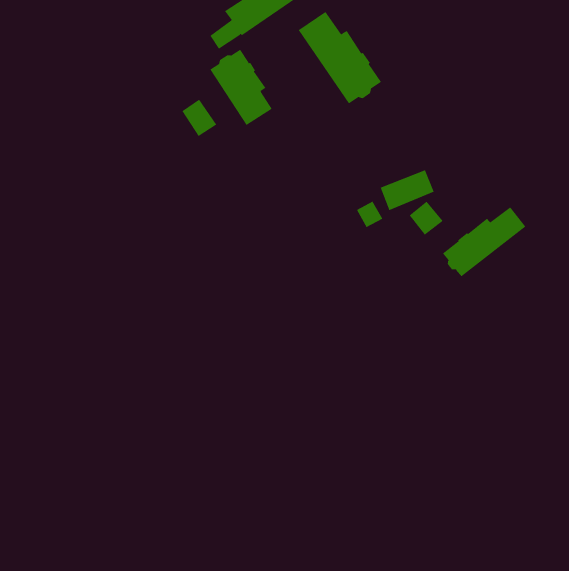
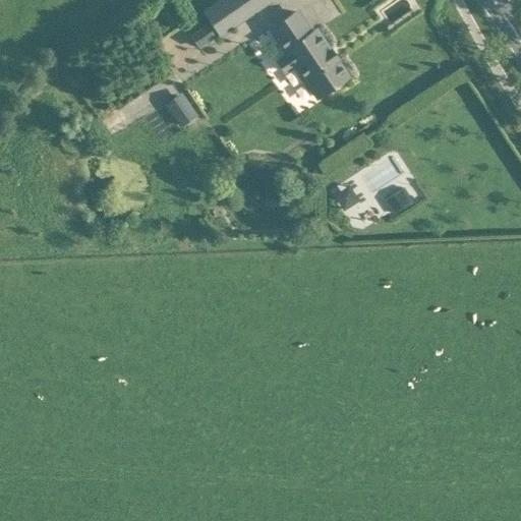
building: [210,49,272,126] -> none
building: [442,206,526,277] -> none

